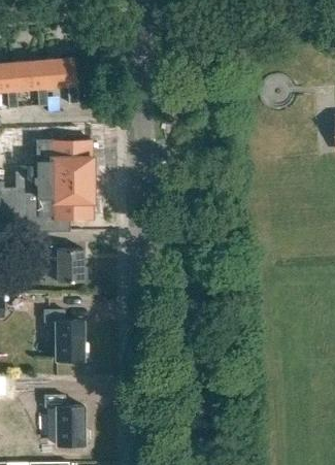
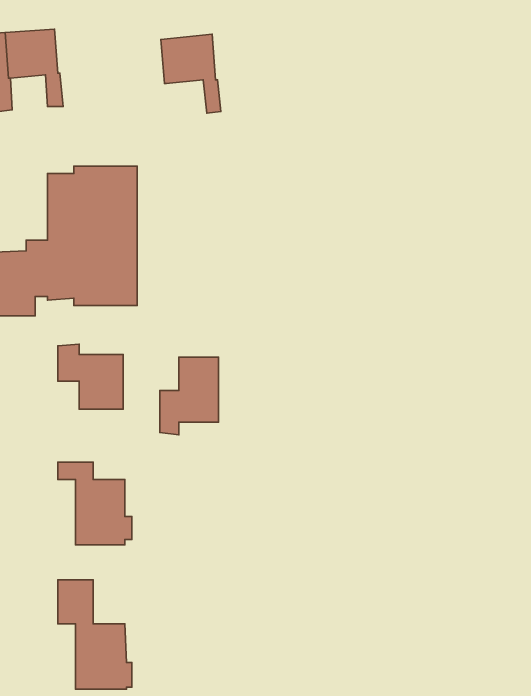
building: [41,56,76,102] -> [161,34,221,113]
building: none -> [160,357,218,435]

